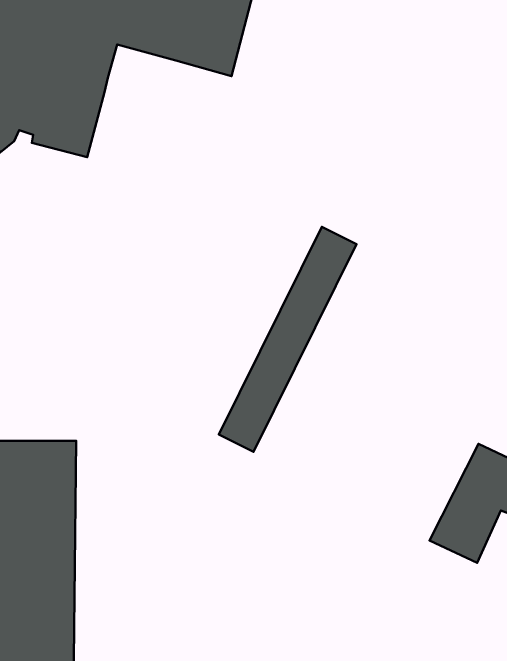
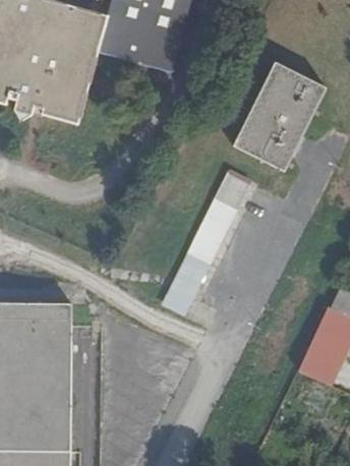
building: none -> [232,61,327,170]

